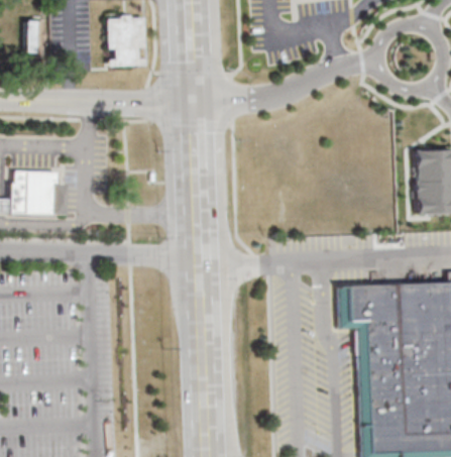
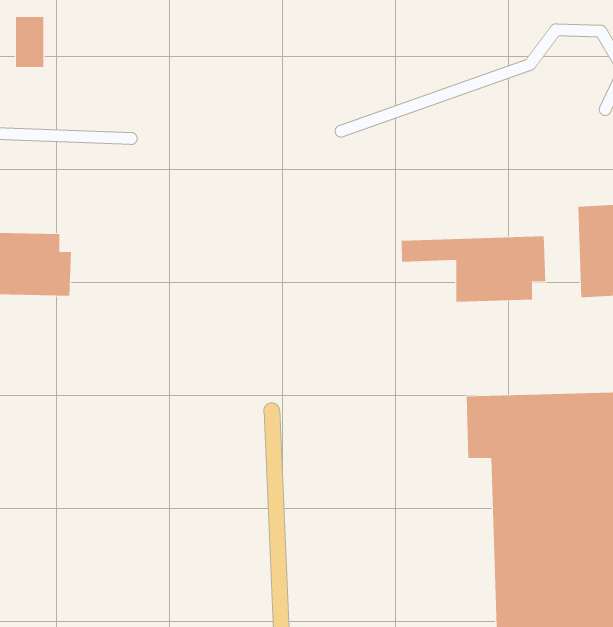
building: [108,15,144,66] -> none
building: none -> [401,236,546,303]

